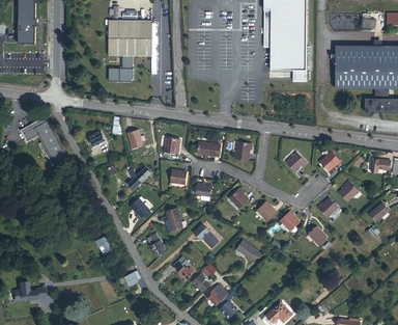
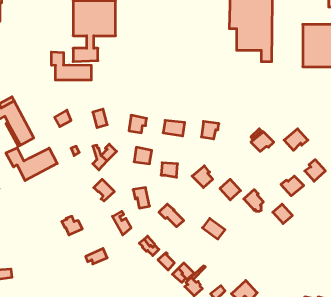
building: none -> [51,52,91,80]
building: none -> [6,148,57,181]

